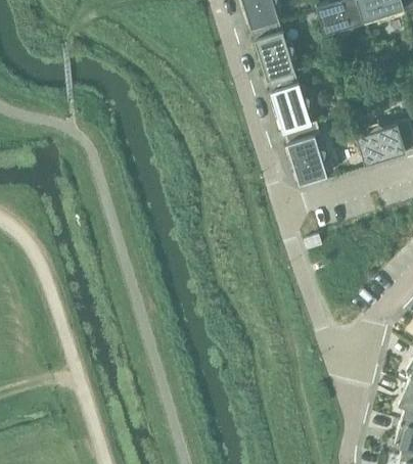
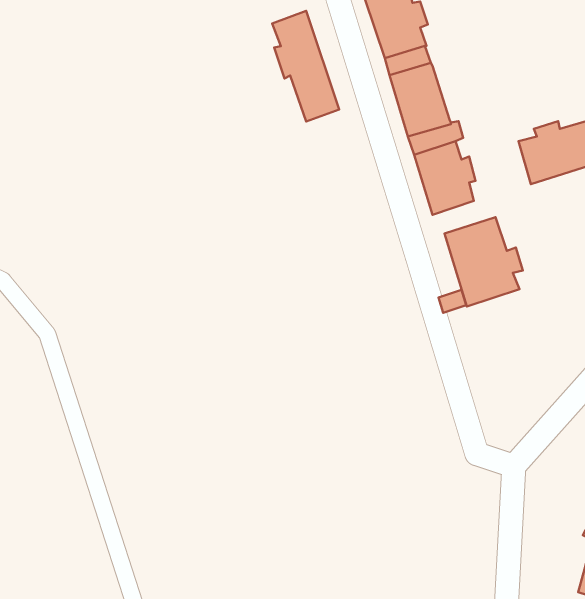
building: none -> [272,11,339,121]
building: none -> [444,217,523,307]

